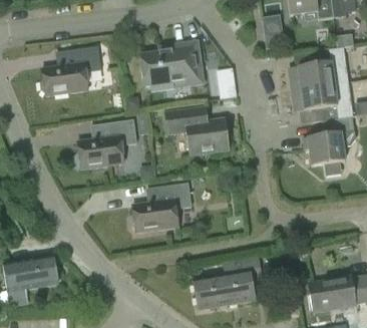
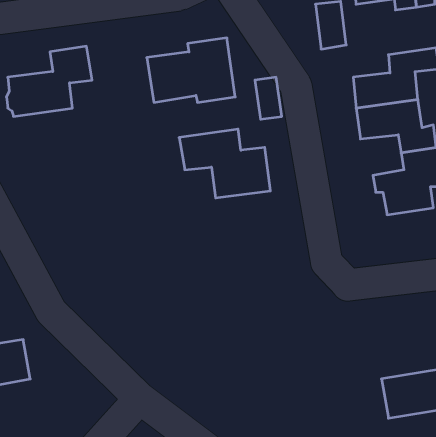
building: [75,119,136,170] -> none
building: [130,183,192,233] -> none
building: [193,257,262,311] -> none

